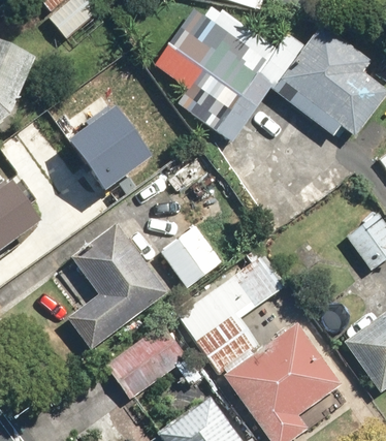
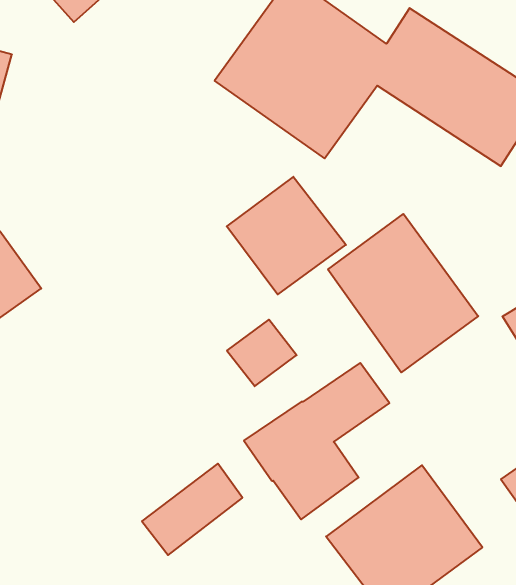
building: [69,104,149,183] -> [227,177,346,294]
building: none -> [328,214,478,372]
building: [72,231,157,338] -> none

